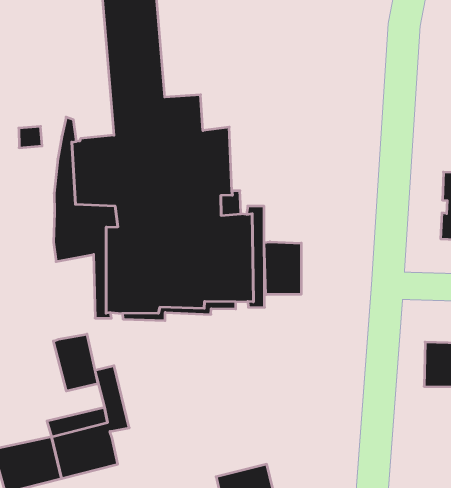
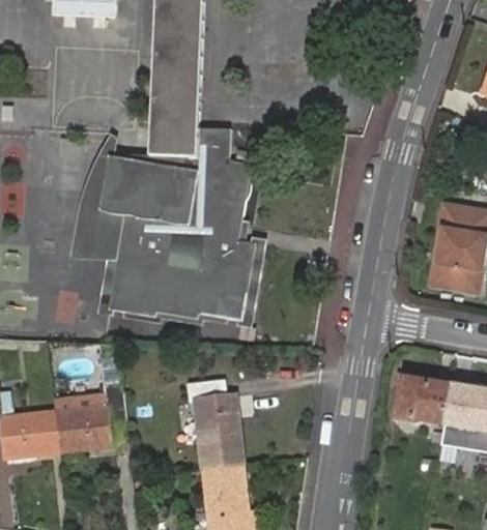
building: [264,242,301,295] -> none
building: [53,334,98,391] -> none
building: none -> [179,378,246,469]

